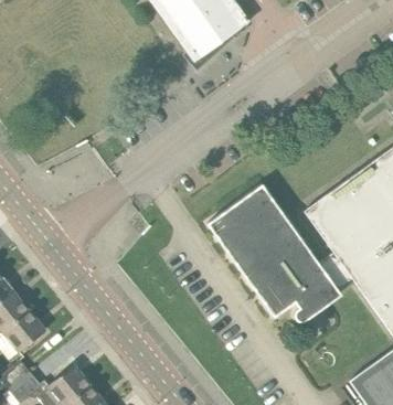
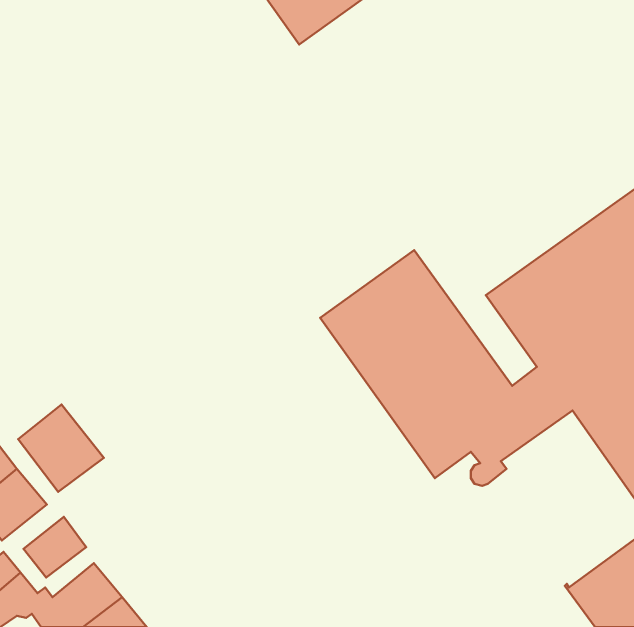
building: none -> [18,405,104,492]
building: none -> [23,517,86,578]

